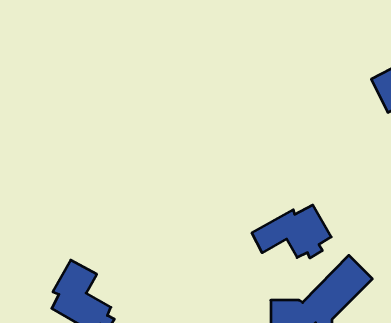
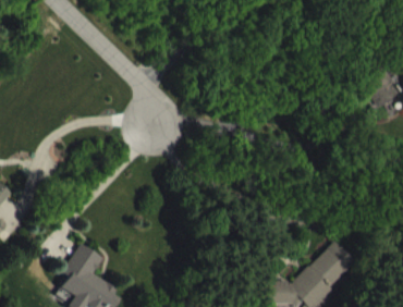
building: [252,205,331,258] -> none

